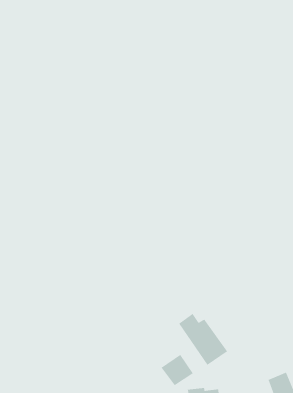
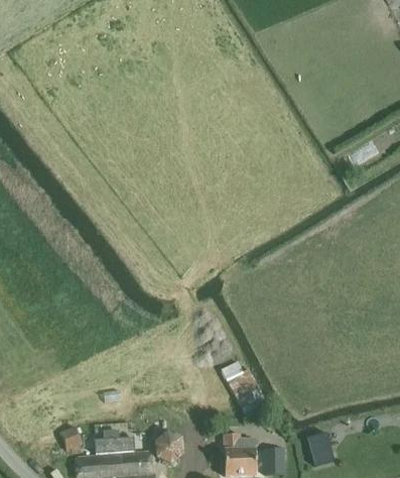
building: [161,354,194,386] -> none

